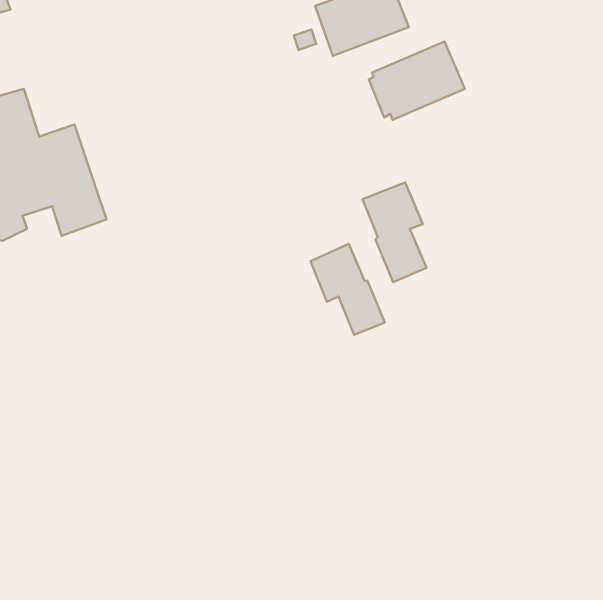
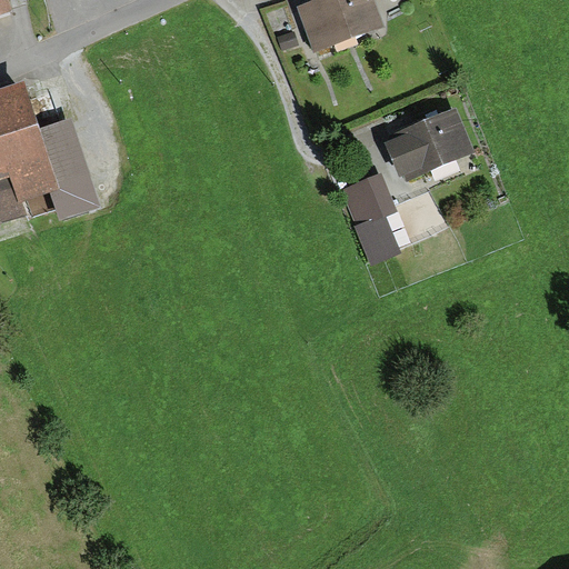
building: [369,42,465,120] -> [383,107,473,180]
building: [310,244,385,335] -> none

